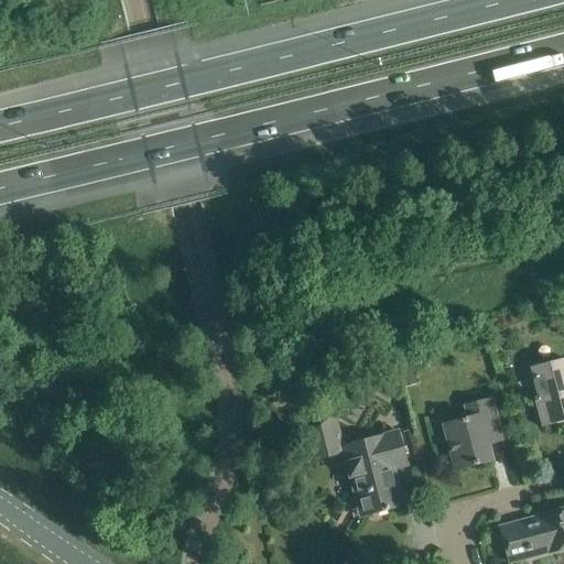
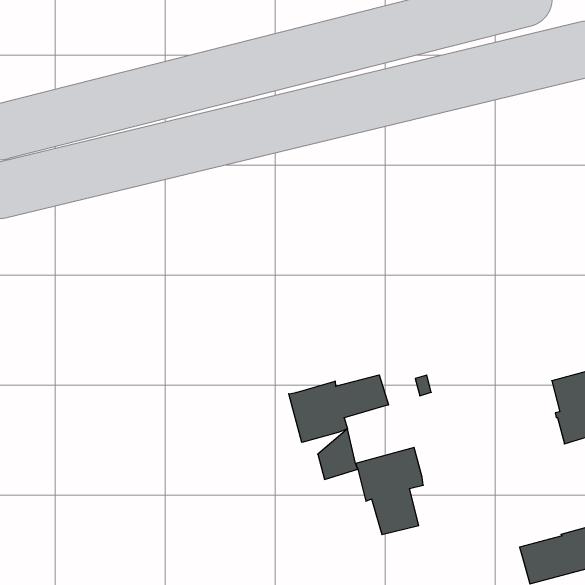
building: none -> [289,375,389,442]
building: [444,398,503,468] -> none

